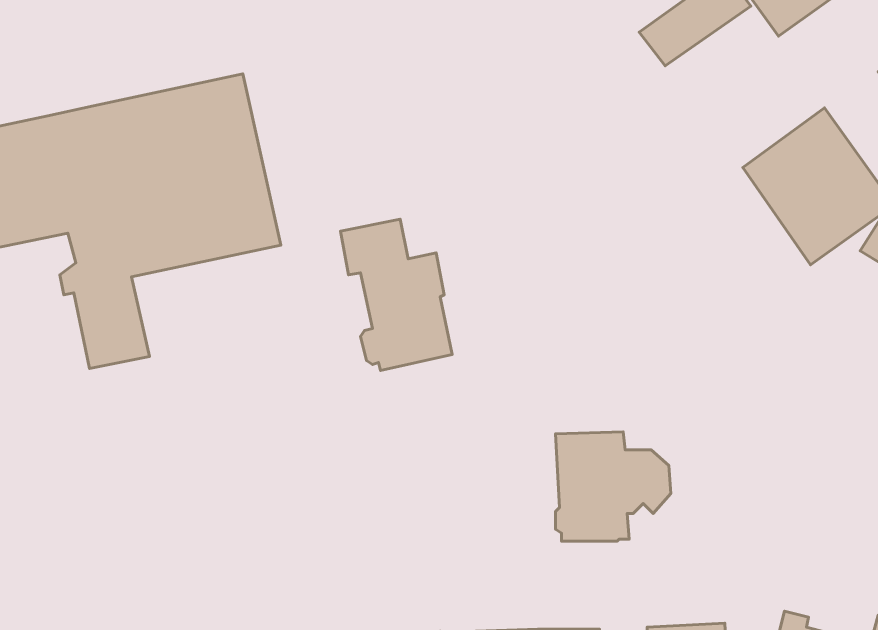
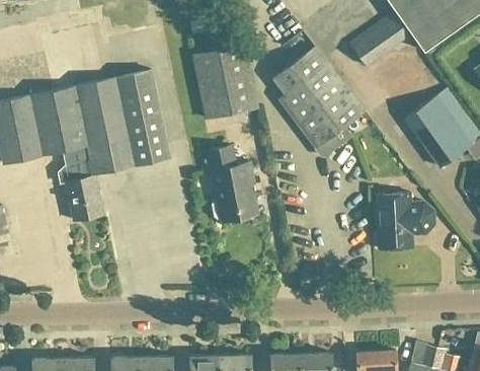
building: none -> [191,44,257,114]
building: none -> [273,47,363,157]
building: [555,432,671,541] -> [376,193,434,248]

